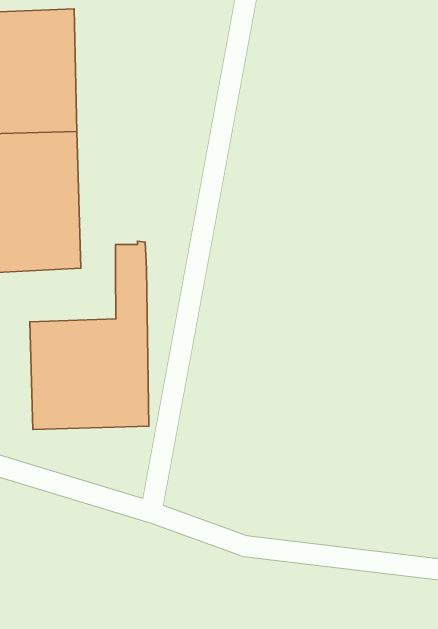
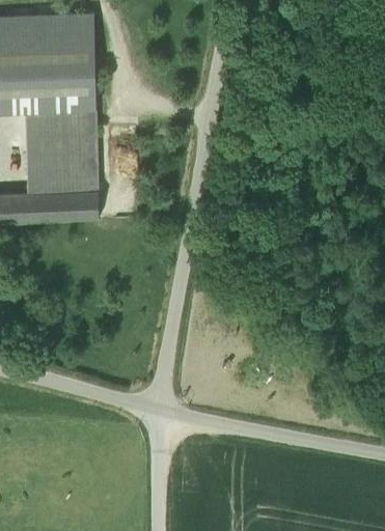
building: [30,241,149,430] -> none

